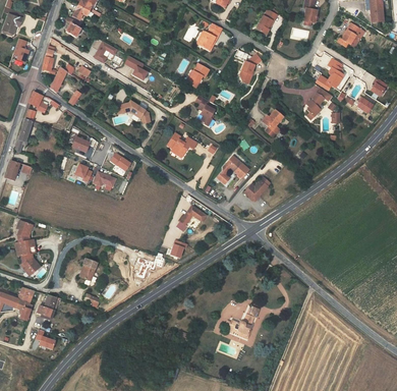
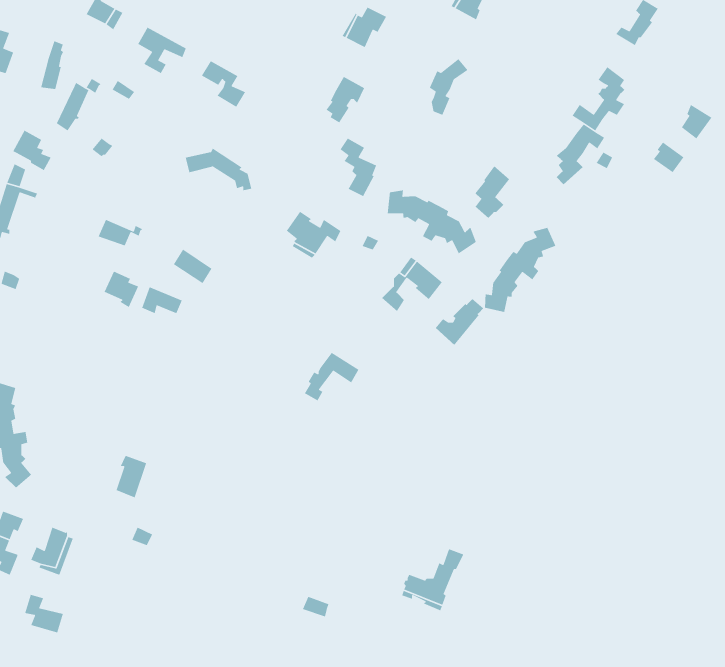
building: none -> [387,190,477,255]
building: none -> [484,227,556,313]

